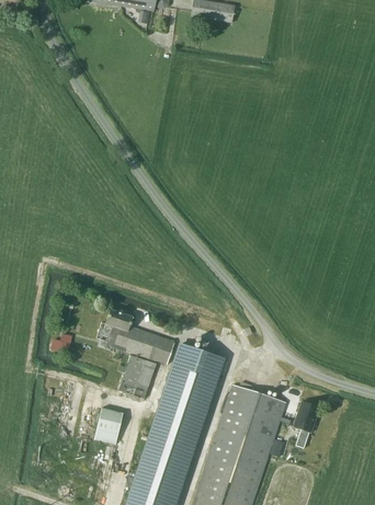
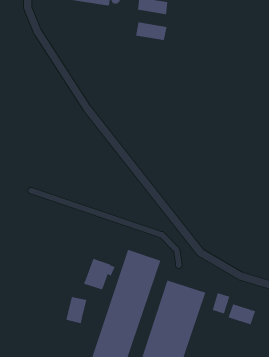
building: none -> [135,22,167,41]
building: [105,309,175,364] -> none
building: none -> [228,303,256,325]

